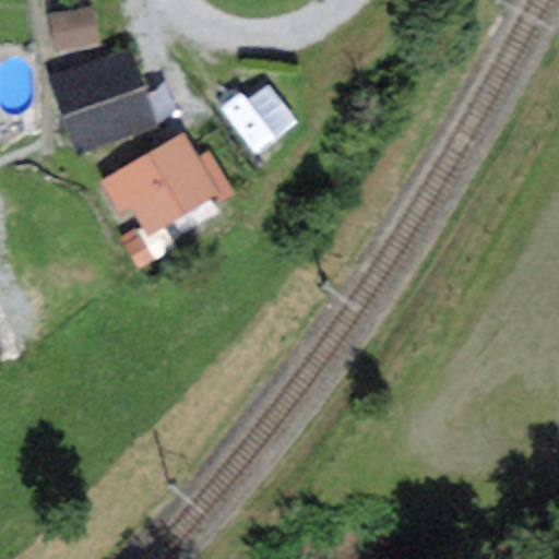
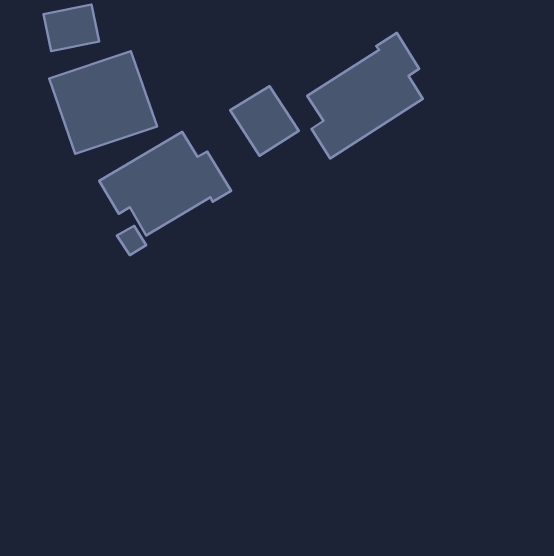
building: none -> [307,33,423,158]

